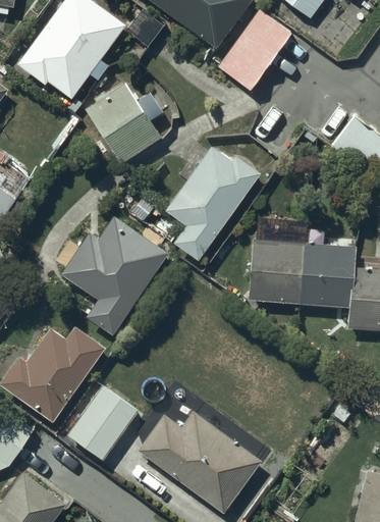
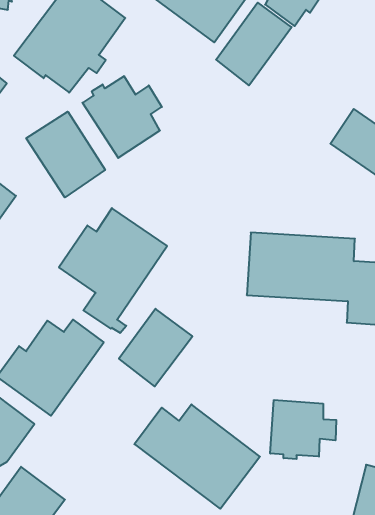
building: none -> [26,112,105,197]
building: [165,144,262,261] -> none
building: [67,384,141,462] -> [119,309,192,386]
building: none -> [270,400,336,459]

